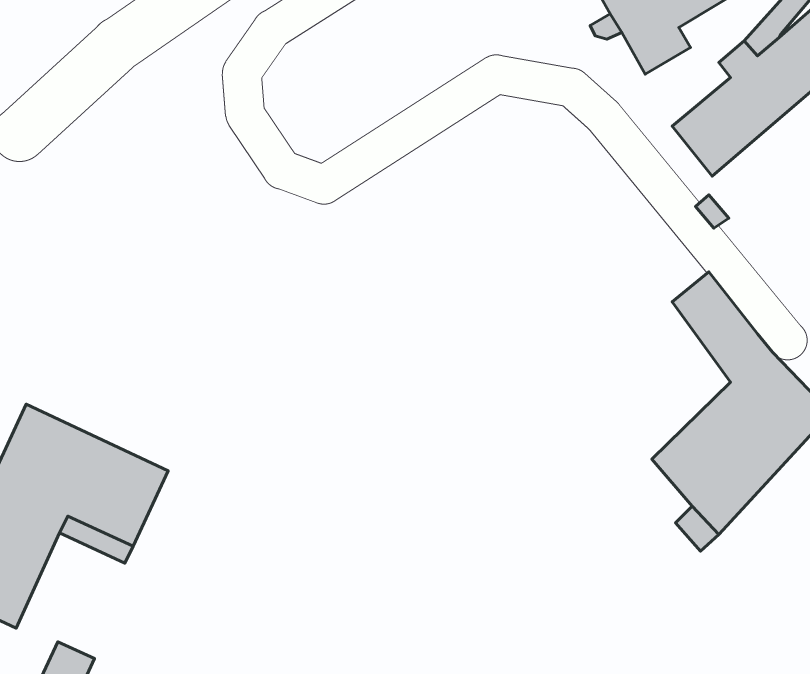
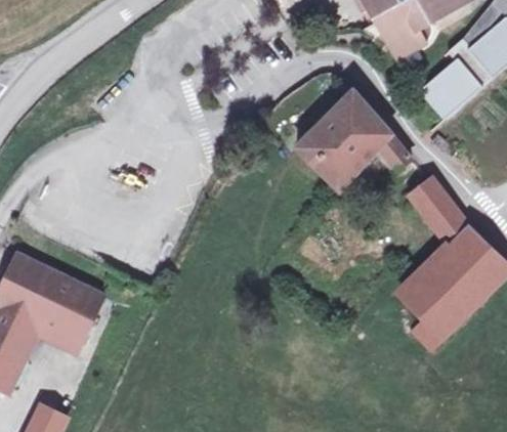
building: none -> [296,87,411,190]

